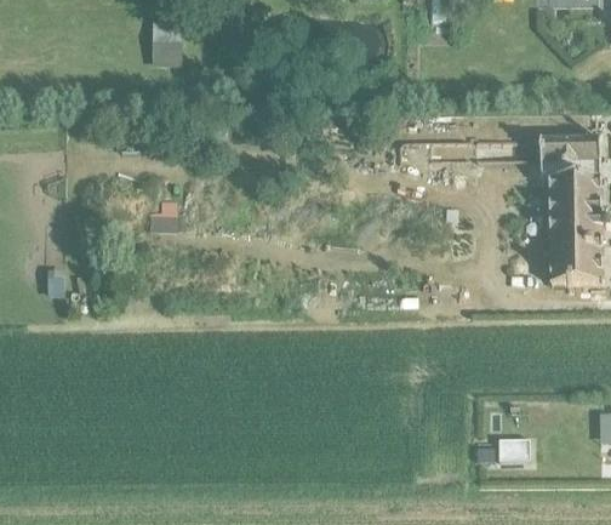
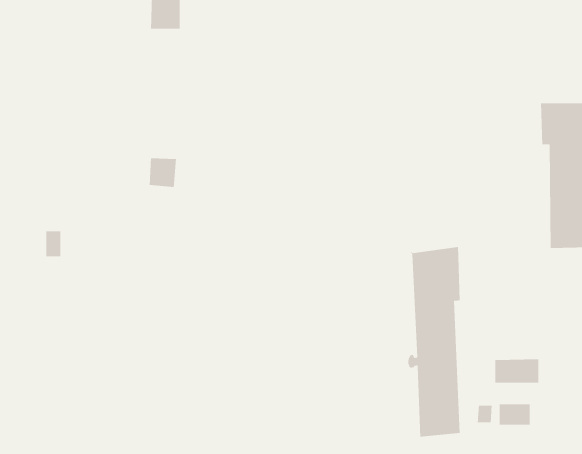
building: none -> [407,246,460,438]
building: none -> [494,359,539,383]

